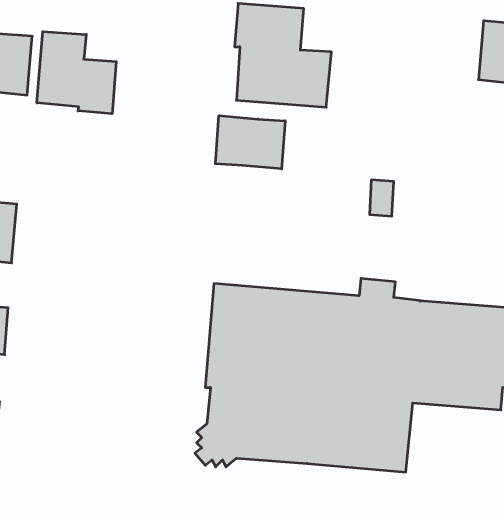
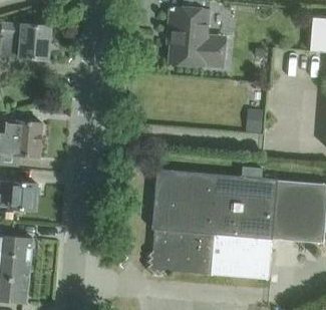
building: [37,32,116,114] -> none
building: [215,116,285,169] -> none

